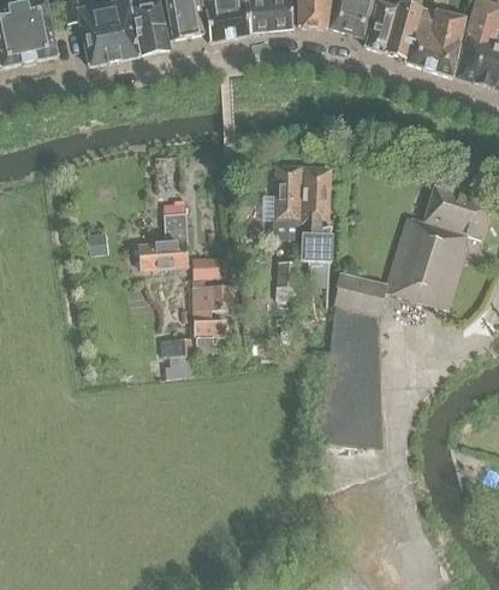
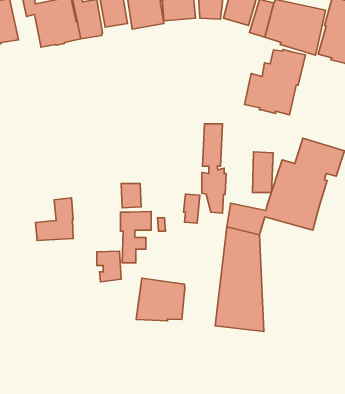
building: none -> [245,50,306,115]
building: [273,165,301,219] -> [252,152,273,192]
building: [136,212,186,269] -> [35,198,73,240]
building: none -> [136,278,185,321]

